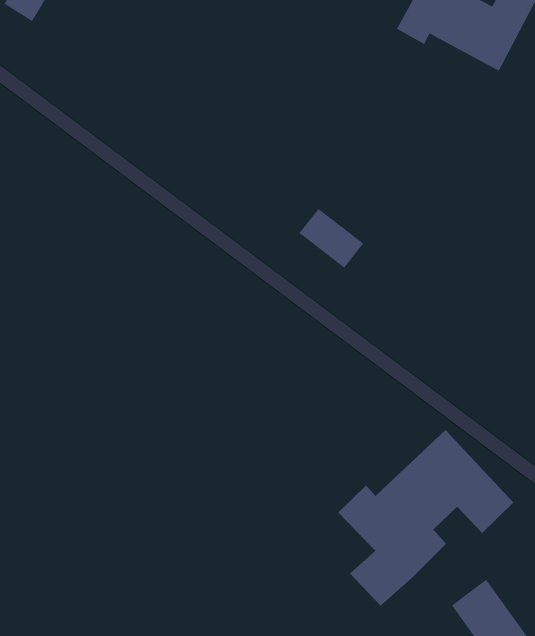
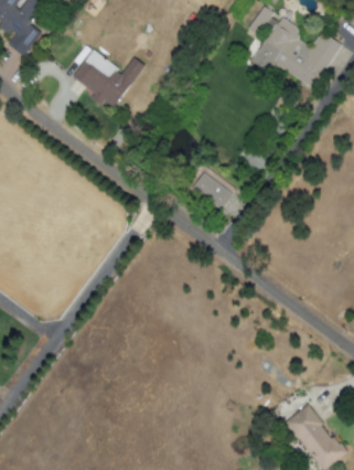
building: none -> [71,50,143,108]
building: [338,429,514,607] -> none

